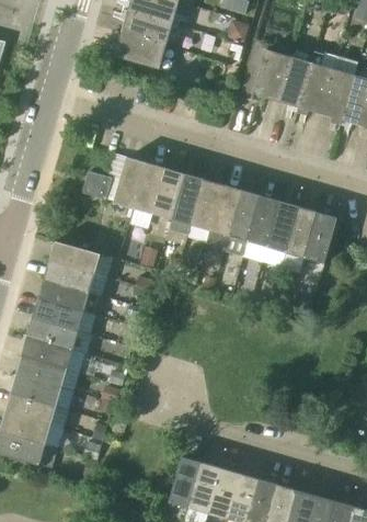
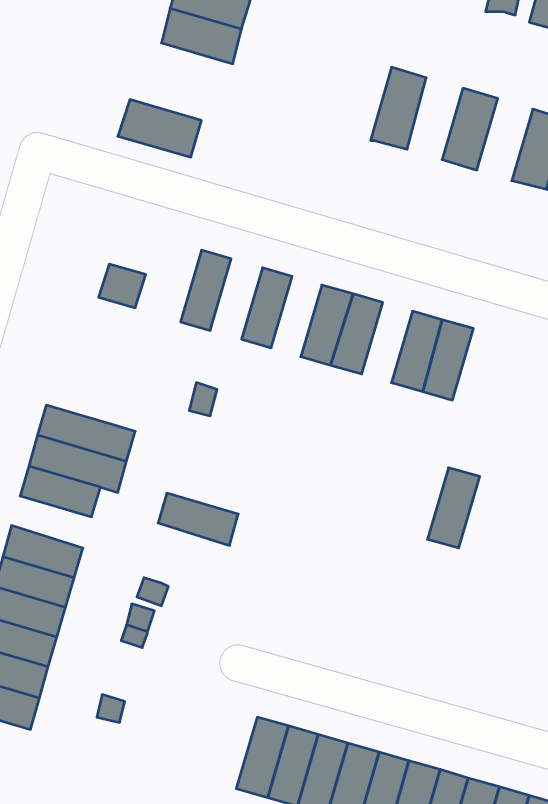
building: [114,33,167,69] -> [118,100,201,157]
building: [276,55,311,106] -> none
building: [320,68,355,120] -> none
building: [114,158,147,208] -> none
building: [152,169,185,219] -> none
building: [191,180,222,230] -> none
building: [248,196,279,247] -> none
building: [305,213,337,263] -> [427,468,480,548]
building: [49,241,101,274] -> none
building: [27,318,78,351] -> [158,493,238,545]

